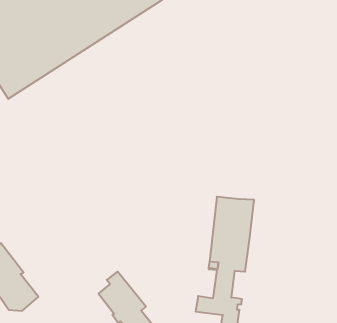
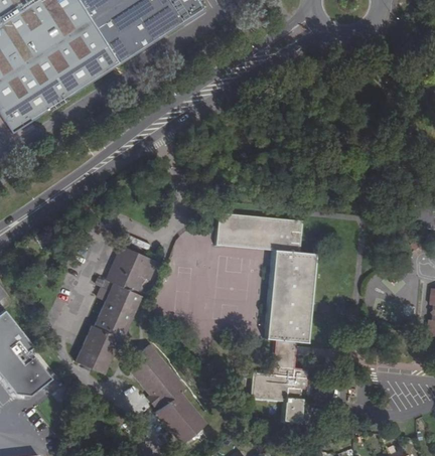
building: none -> [214,215,301,255]
building: none -> [79,247,156,377]

